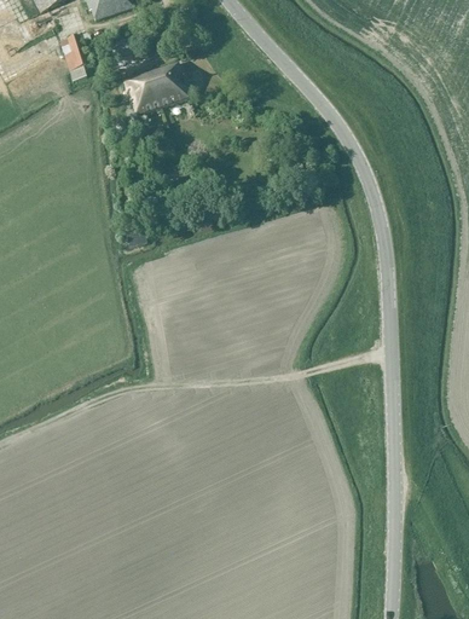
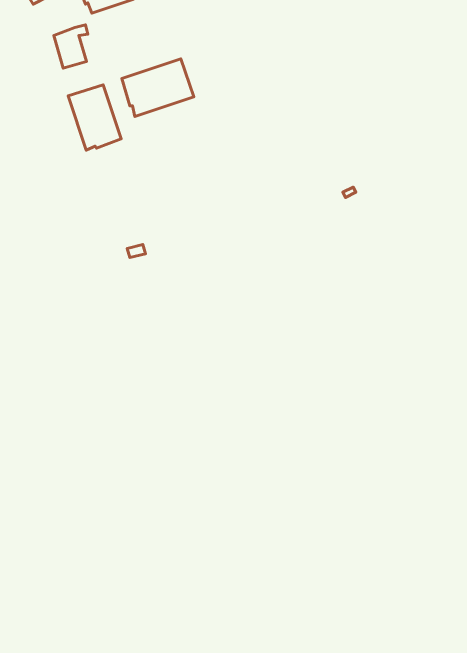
building: none -> [68,85,121,150]

